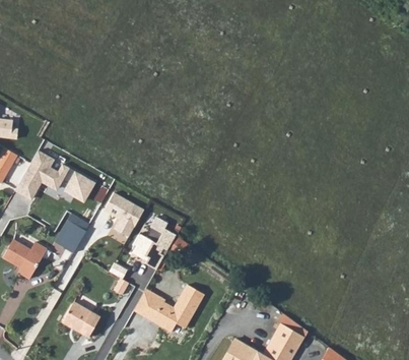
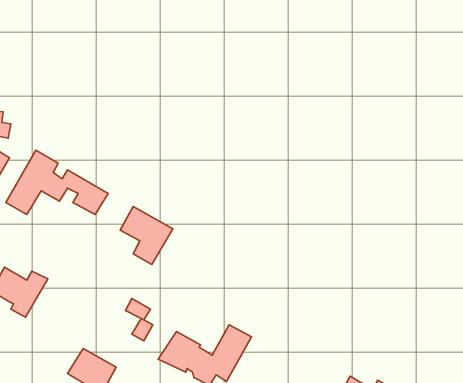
building: [60,213,90,252] -> none
building: [130,217,176,271] -> none

